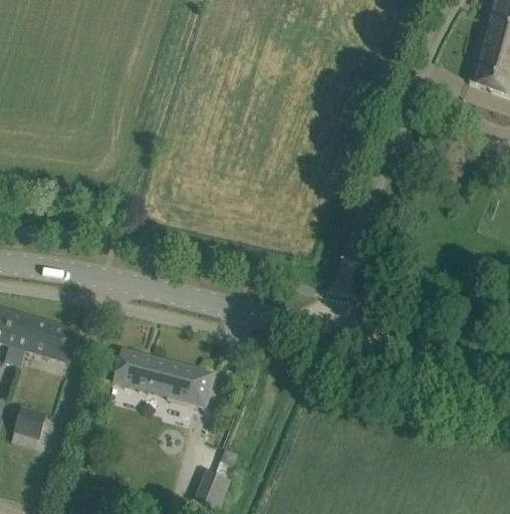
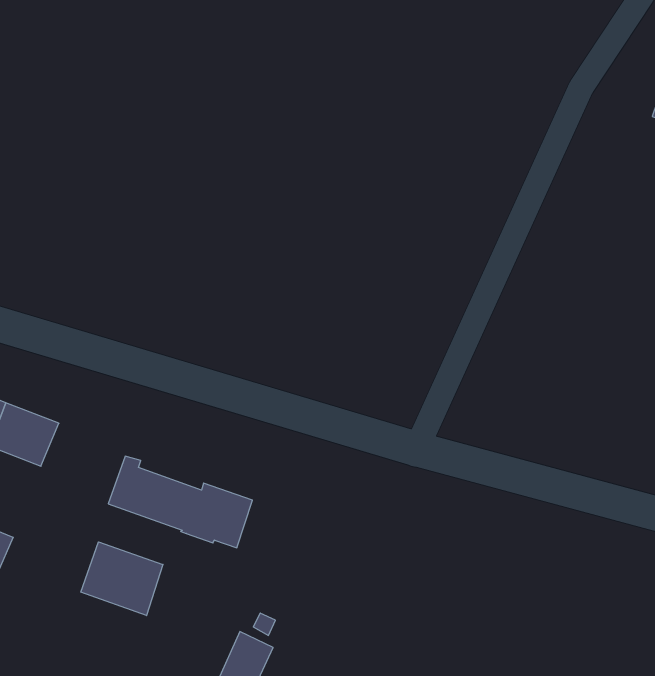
building: none -> [81,542,163,616]

